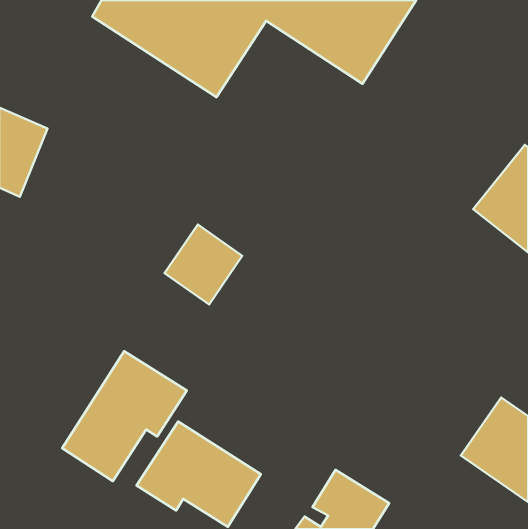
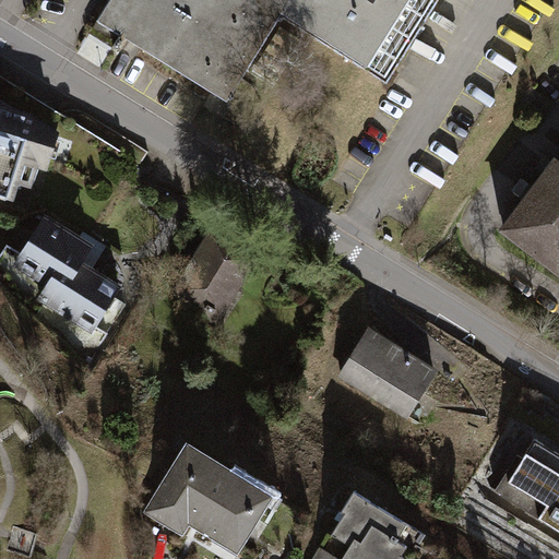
building: none -> [15,217,117,329]
building: none -> [342,330,441,421]
building: [62,351,187,481] -> none

